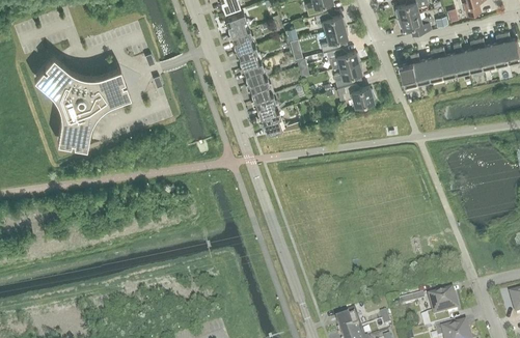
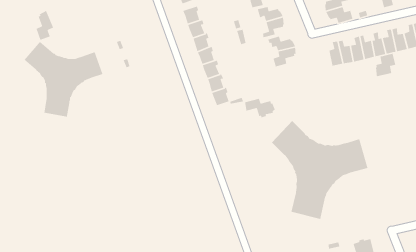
building: none -> [35,10,54,41]
building: none -> [375,53,396,77]
building: [337,83,376,108] -> [244,98,276,118]
building: none -> [271,120,368,220]

